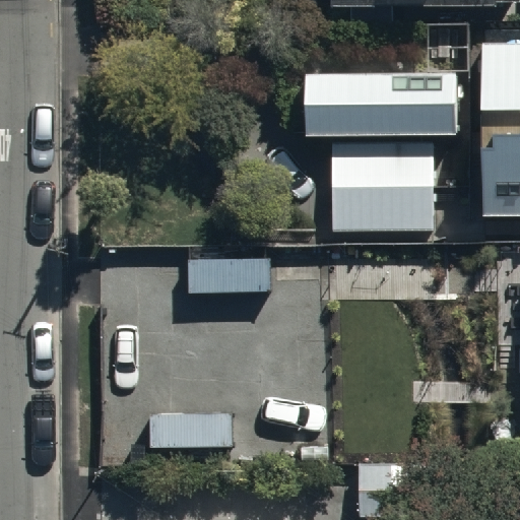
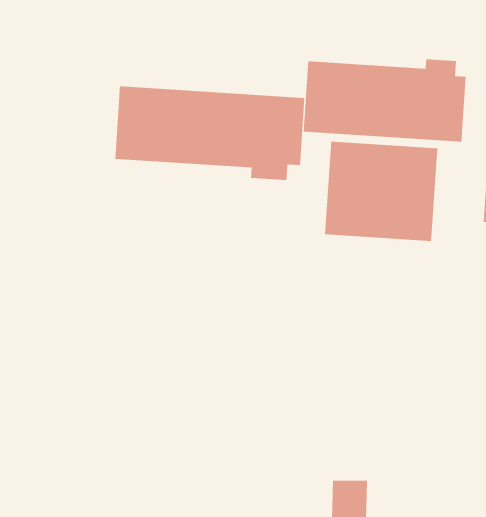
building: none -> [115,85,305,181]

